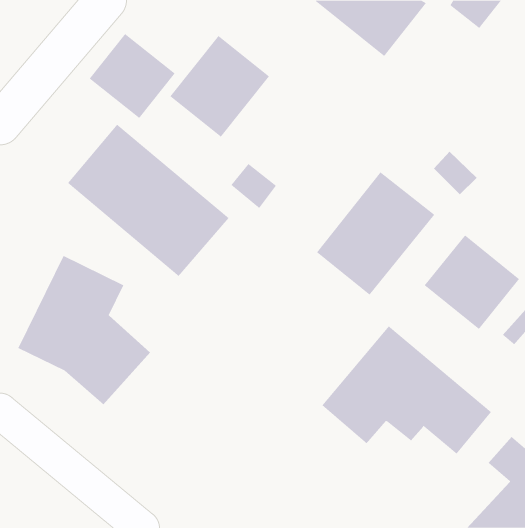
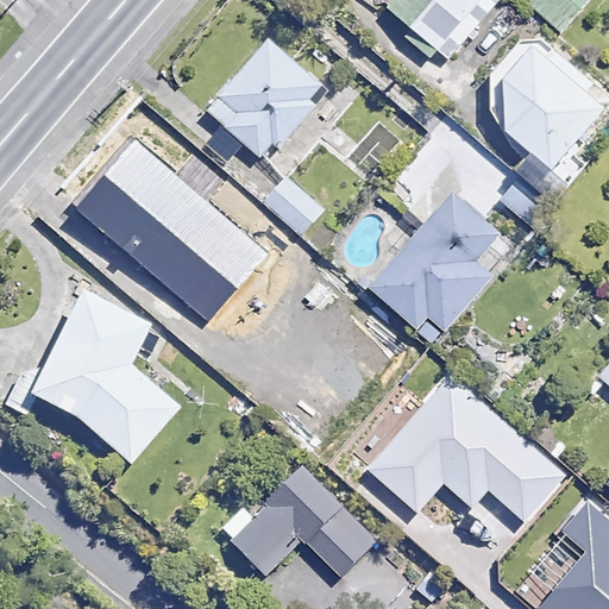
building: none -> [478,36,603,158]
building: [89,33,176,119] -> none
building: [424,234,520,330] -> none
building: none -> [222,466,378,576]

